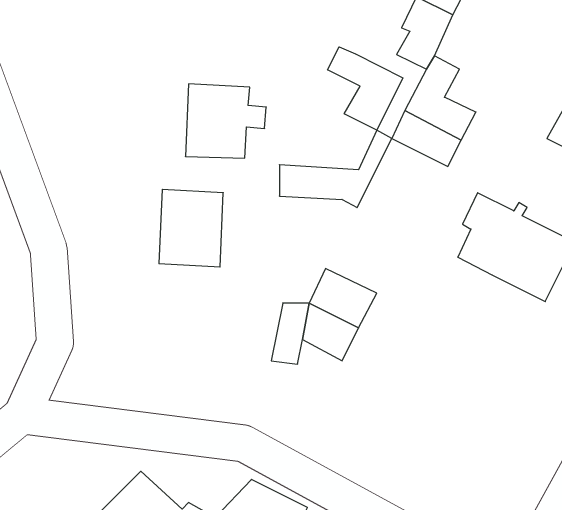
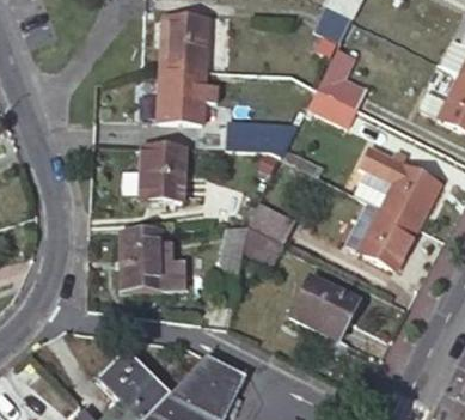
building: none -> [160,16,208,71]
building: [328,47,403,130] -> none
building: none -> [348,207,418,270]
building: none -> [120,229,184,291]
building: none -> [290,276,360,339]

